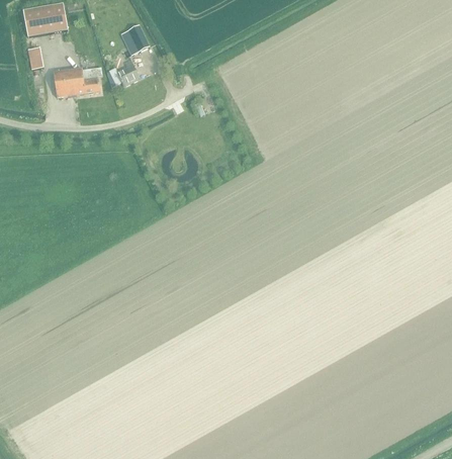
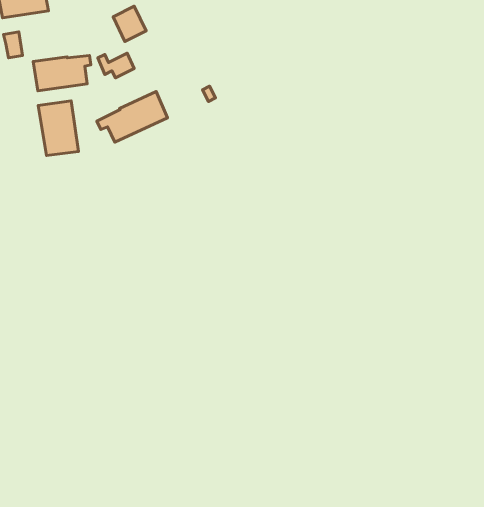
building: none -> [97,92,168,142]
building: none -> [38,101,78,156]

